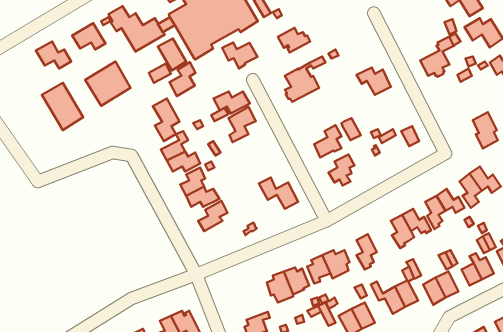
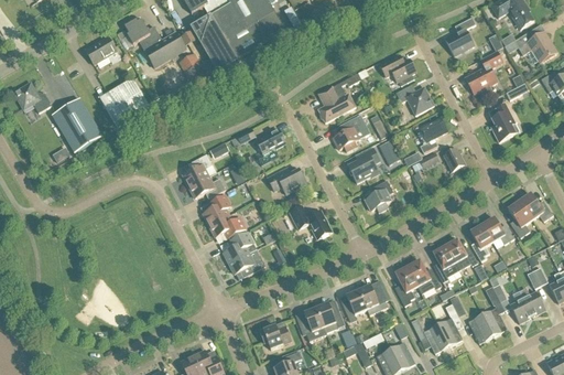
building: none -> [445,15,475,54]
building: [278,28,310,52] -> none
building: none -> [379,54,415,85]
building: [36,41,71,69] -> [13,82,52,111]
building: [222,43,258,69] -> none
building: [170,62,196,96] -> none
building: [214,91,250,114] -> [267,169,306,193]
building: none -> [333,113,370,150]
building: none -> [419,116,447,152]
building: [153,98,179,141] -> none
building: [473,112,498,148] -> [488,101,516,141]
building: none -> [229,251,264,274]
building: none -> [408,259,441,288]
building: none -> [259,324,291,349]

